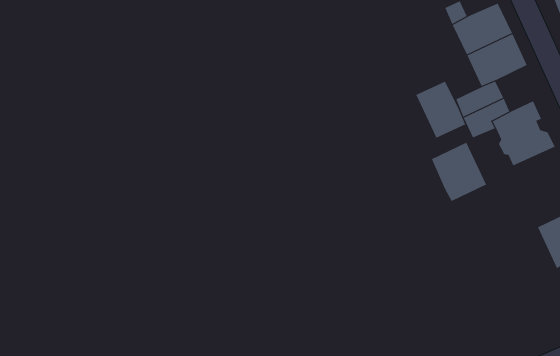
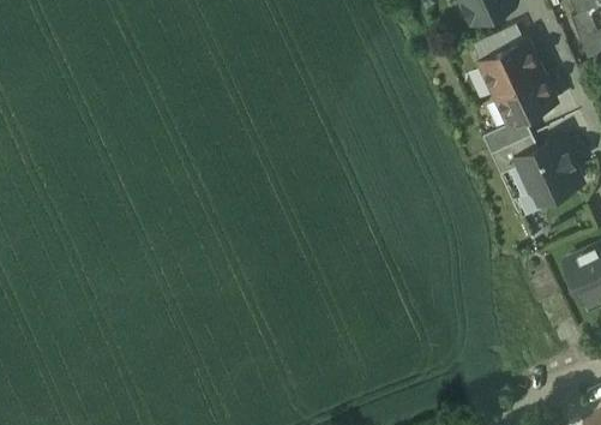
building: [416,81,466,138] -> none
building: [431,142,487,202] -> none

